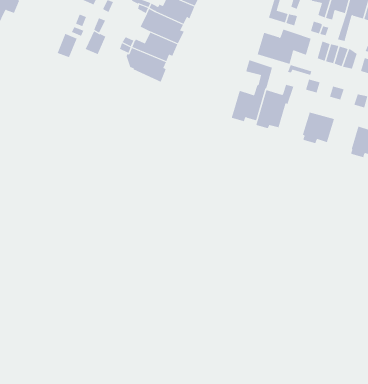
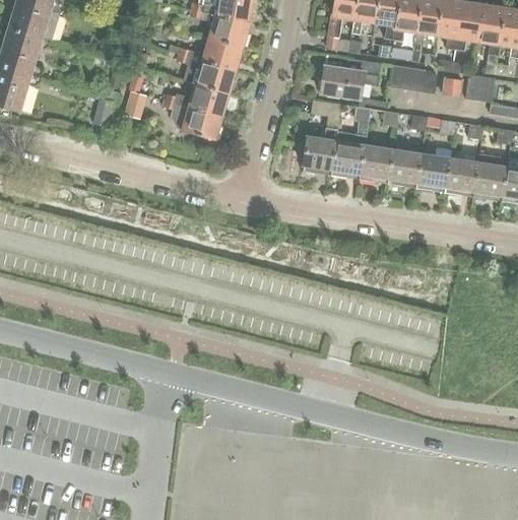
building: none -> [359,143,390,180]
building: none -> [415,147,448,188]

